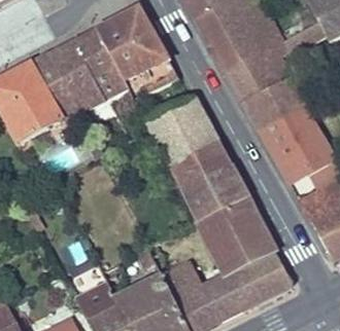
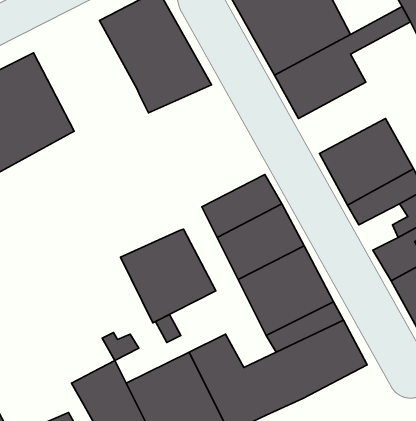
building: [47,30,126,111] -> none
building: [242,75,306,127] -> none
building: [147,98,217,167] -> [120,229,216,323]

